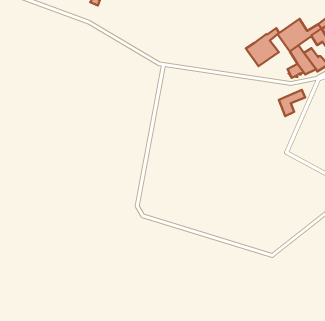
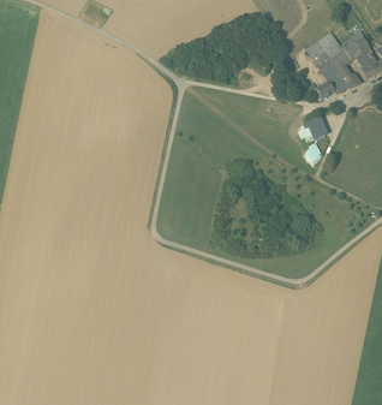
building: [246,28,279,66] -> none

